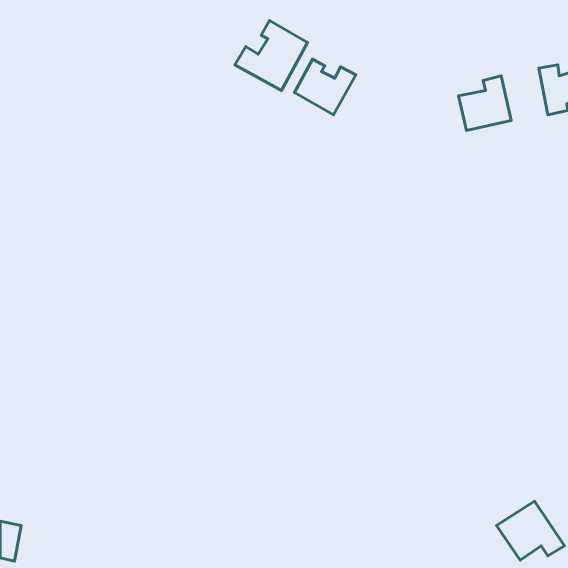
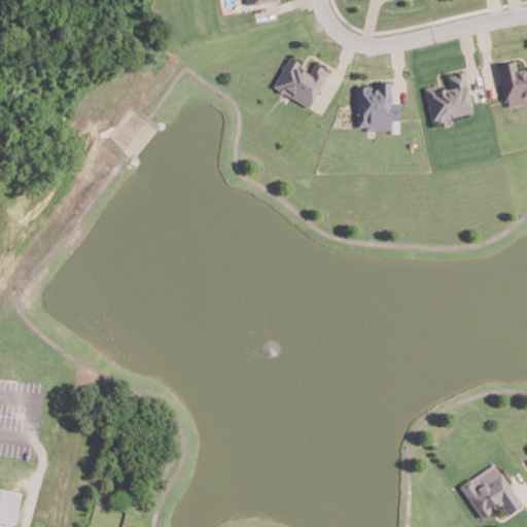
building: [235,21,308,91] -> none
building: none -> [358,82,400,131]

